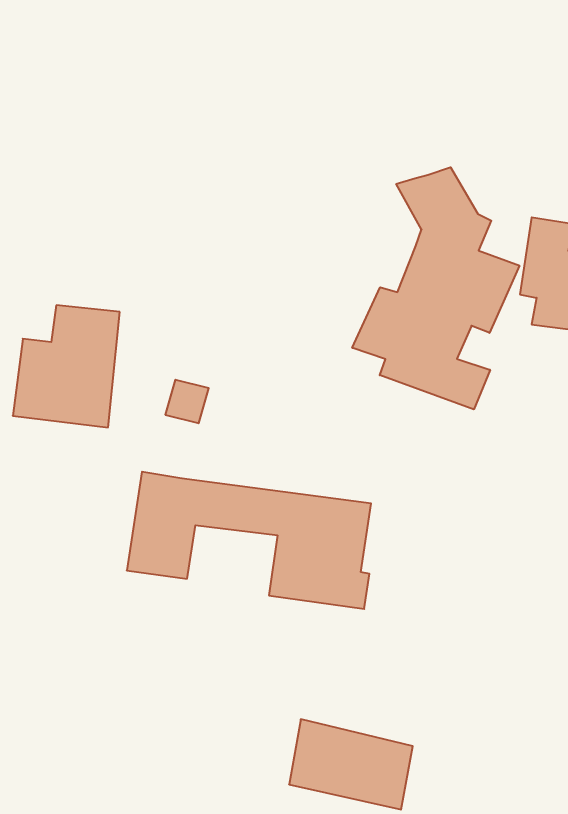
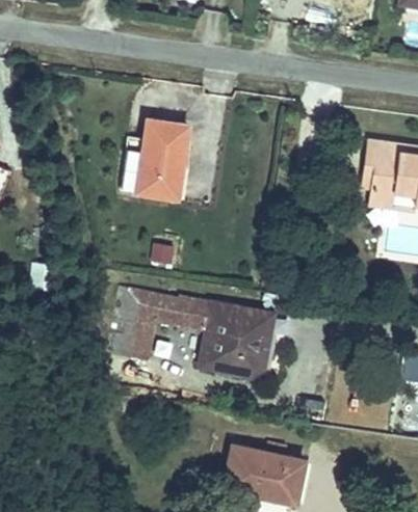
building: [352,167,519,409] -> none
building: [13,305,120,427] -> [124,123,190,198]

